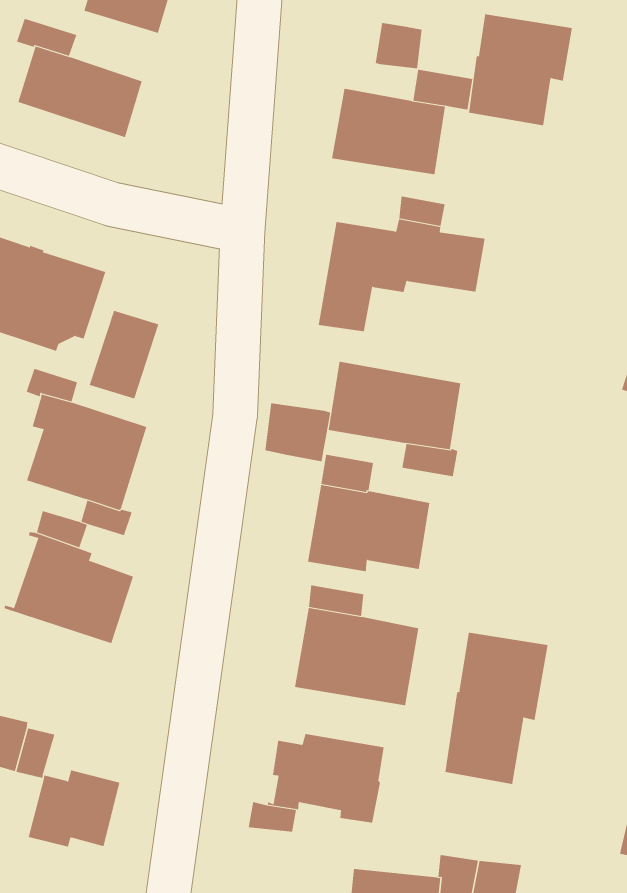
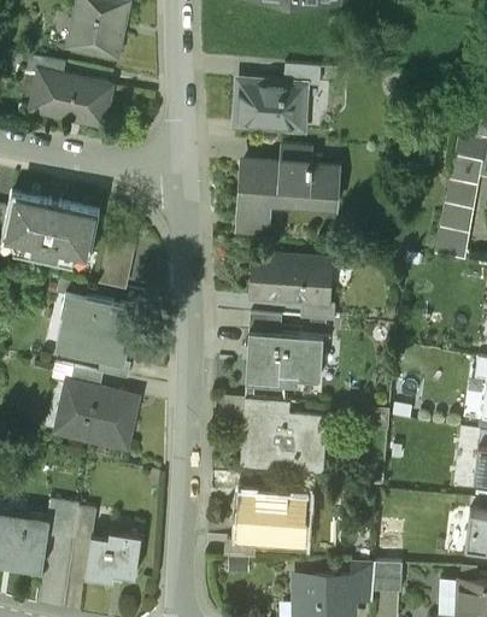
building: [469,13,572,126] -> none
building: [375,22,422,69] -> none
building: [265,402,331,462] -> none
building: [445,632,548,785] -> none

